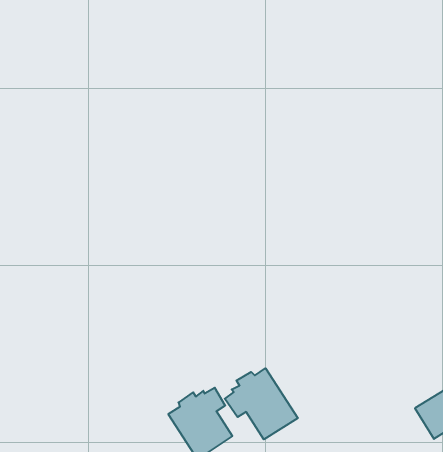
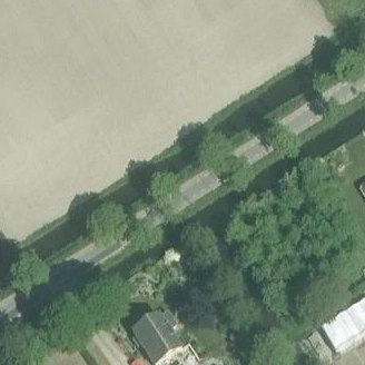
building: [225,368,298,439] -> none

